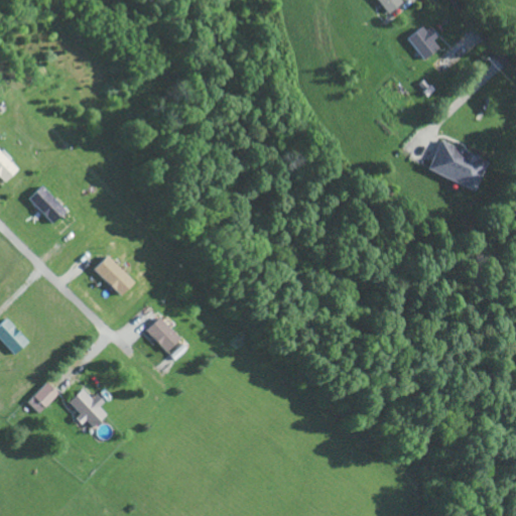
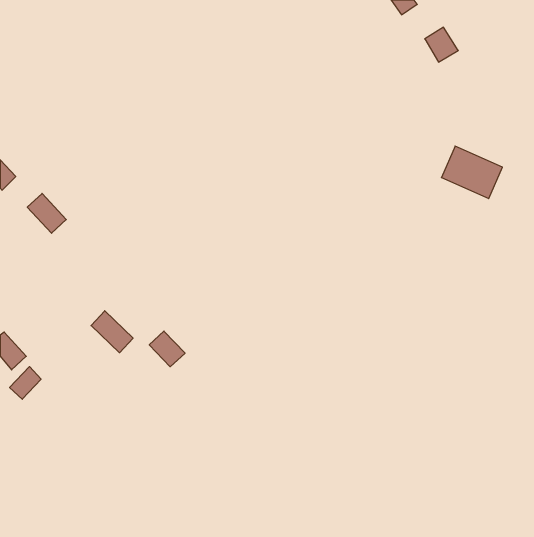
building: [94,255,134,295] -> [91,311,133,353]
building: [28,382,58,413] -> [10,367,41,399]
building: [67,389,106,427] -> none

